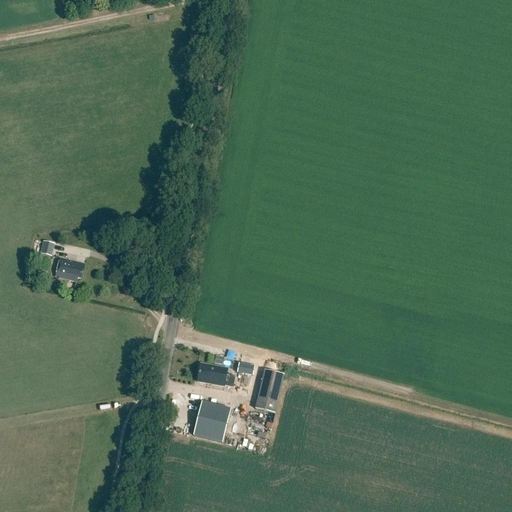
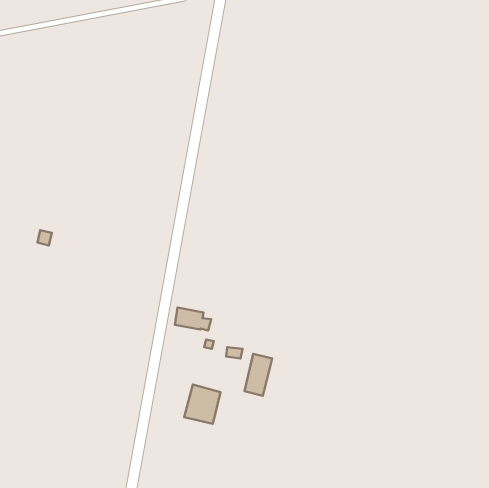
building: [55,257,83,281] -> none
building: [197,363,235,387] -> [175,308,211,331]

